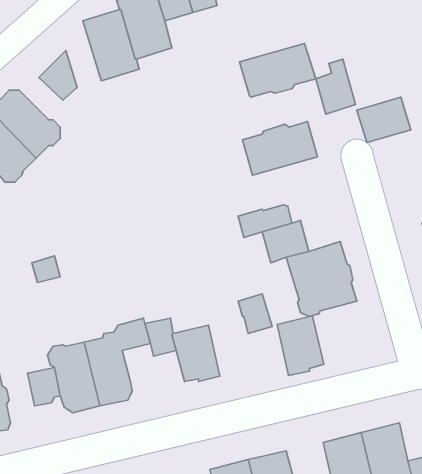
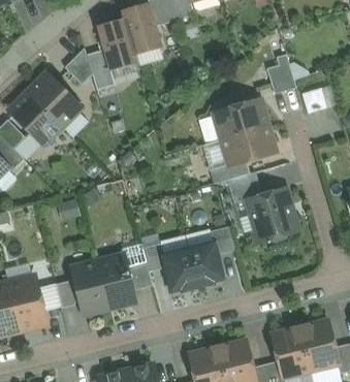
building: [240,44,316,97] -> [220,125,276,164]
building: none -> [86,49,115,89]
building: [277,316,324,375] -> [188,242,222,285]
building: none -> [125,261,152,290]

